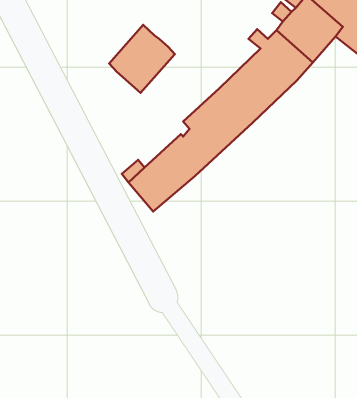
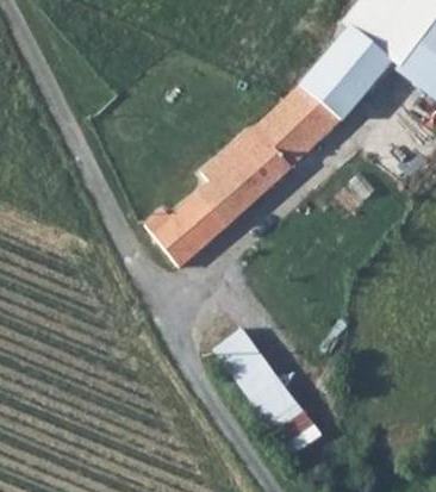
building: [109,25,175,93] -> none
building: none -> [214,328,325,460]

